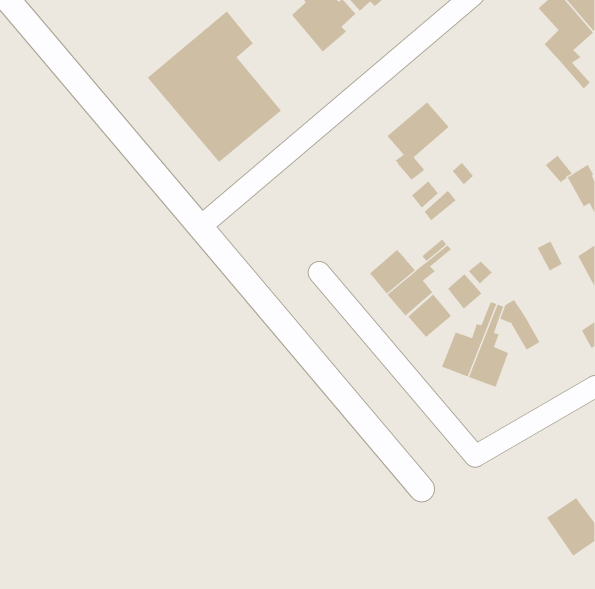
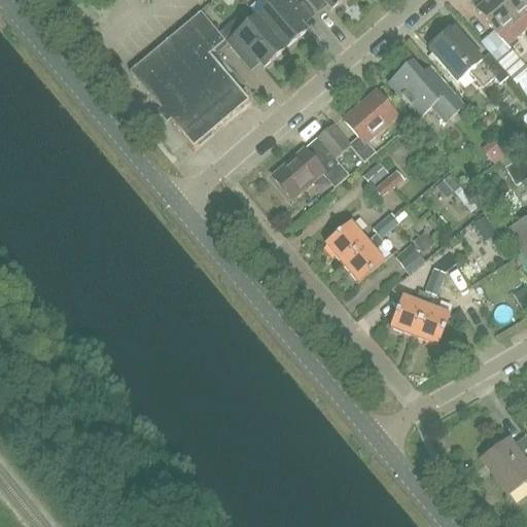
building: none -> [218,13,285,68]
building: none -> [429,26,511,85]
building: none -> [390,63,463,118]
building: none -> [273,124,351,198]
building: [407,294,452,338] -> none

